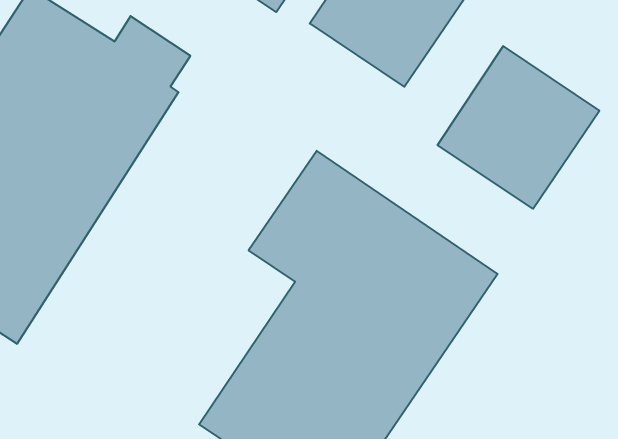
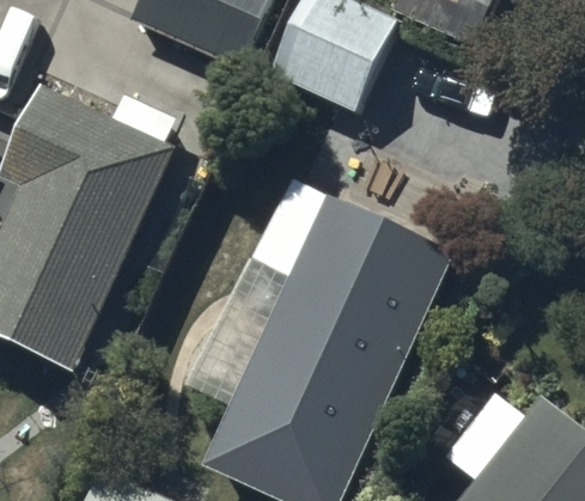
building: [438,46,599,209] -> none

